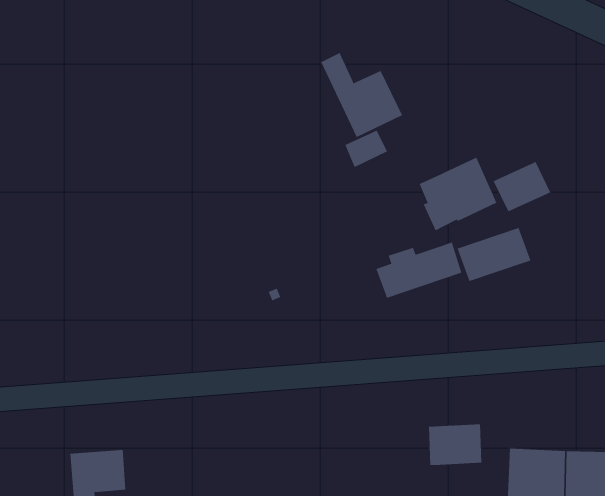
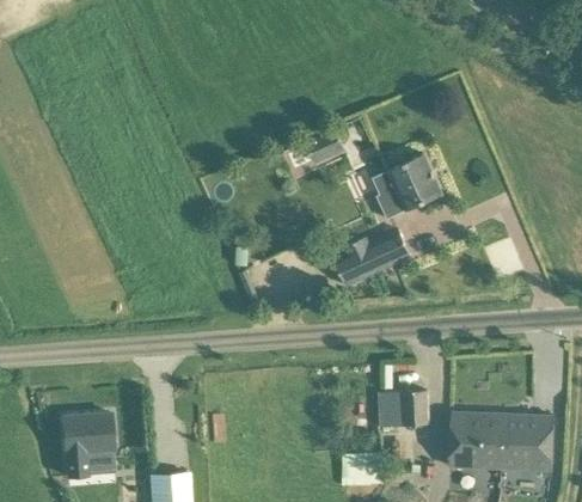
building: [320,52,403,138] -> none
building: [493,161,551,212] -> none
building: [457,227,531,282] -> none

